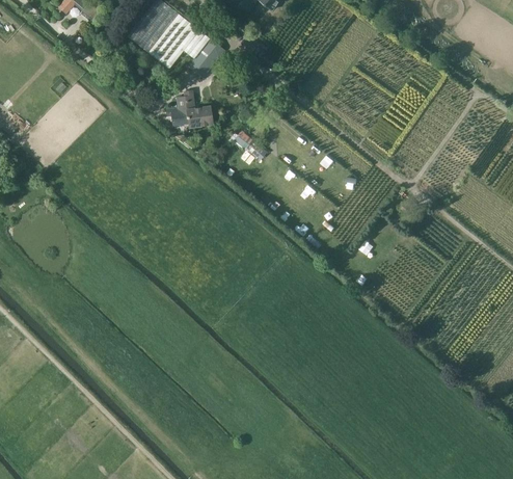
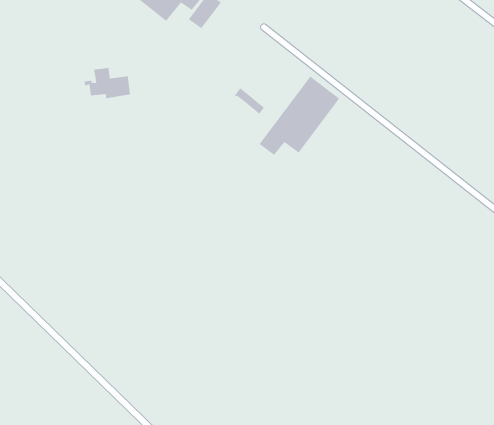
building: [168,97,214,128] -> [84,67,131,99]
building: none -> [259,75,340,156]

